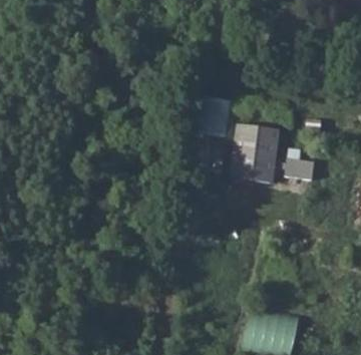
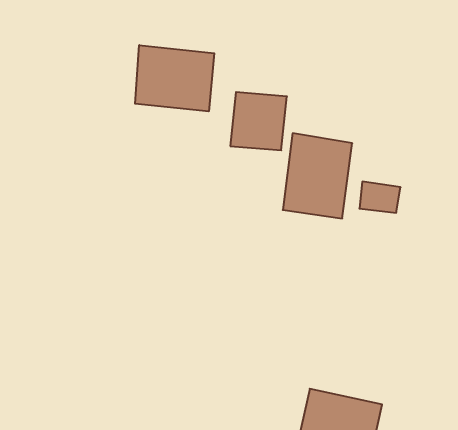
building: none -> [135,45,214,111]

